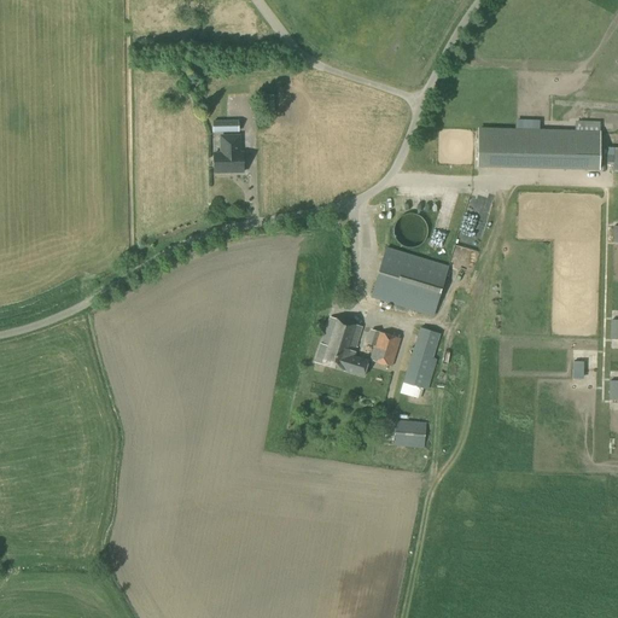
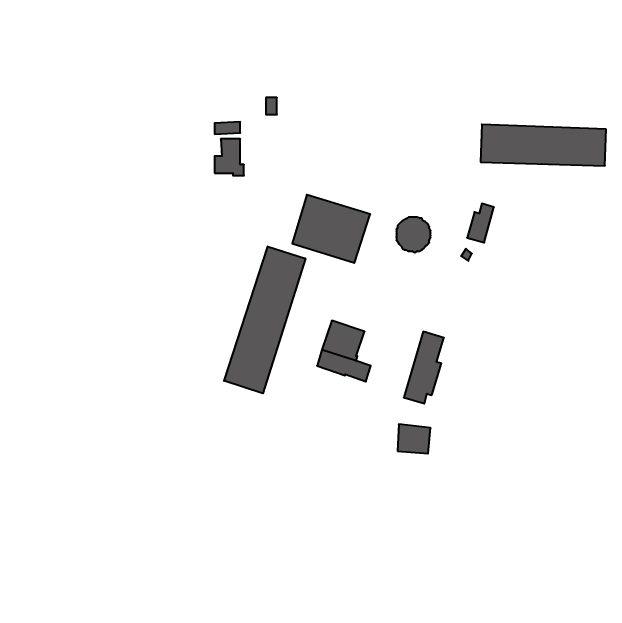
building: none -> [224,246,305,393]
building: [372,249,449,316] -> [292,195,370,263]
building: [367,330,401,367] -> none

